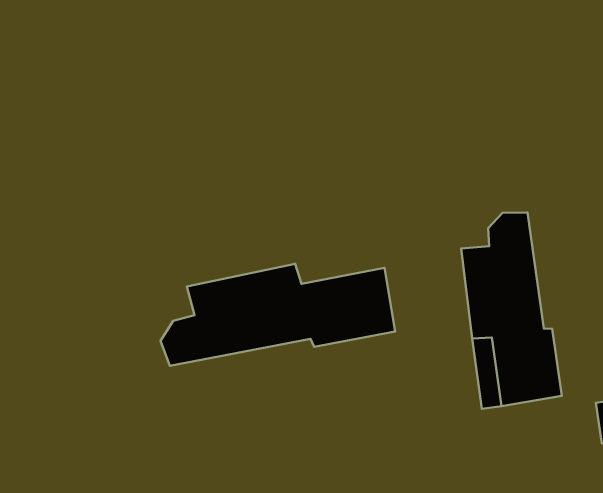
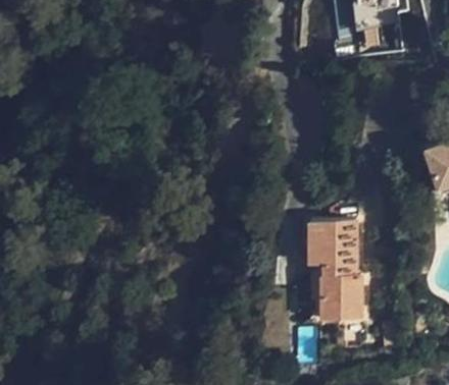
building: [161,264,395,366] -> none

